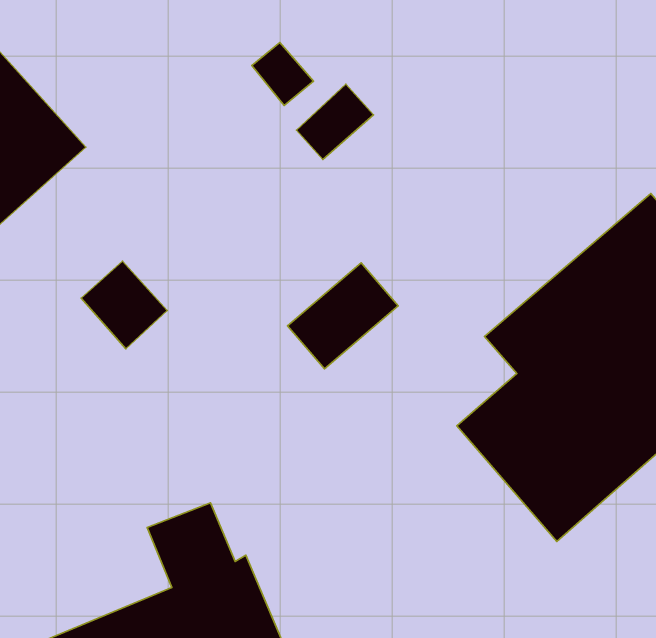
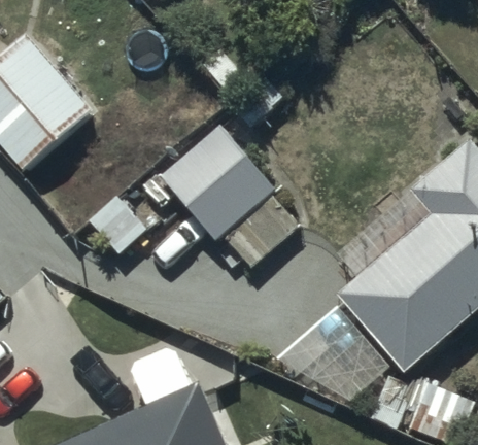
building: none -> [160,117,276,233]

